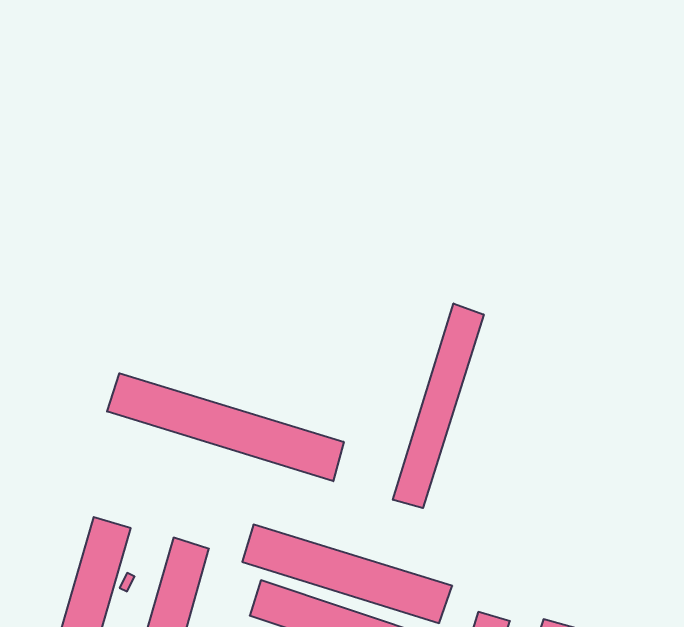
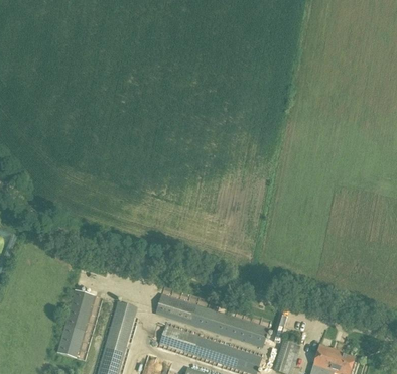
building: [393,303,484,508] -> none
building: [107,373,344,481] -> none

